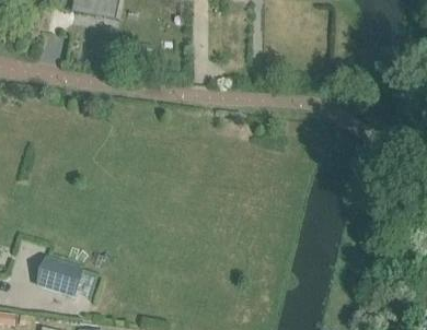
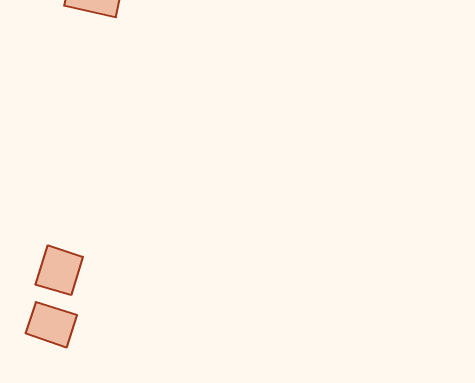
building: none -> [35,245,83,295]

